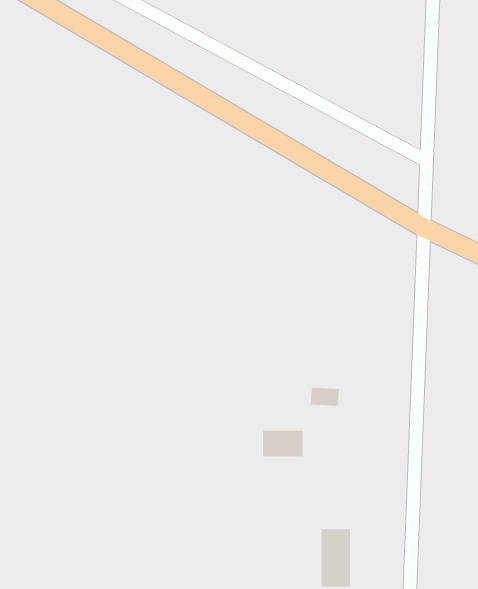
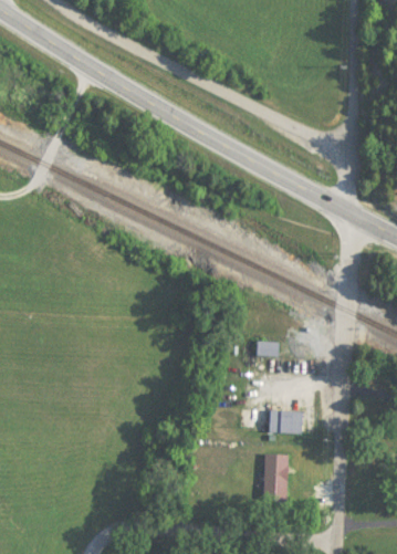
building: [262,430,303,457] -> [269,410,302,432]

